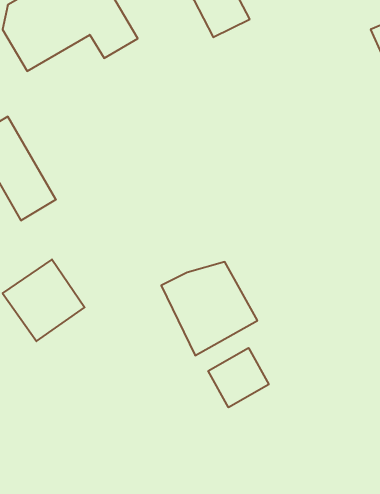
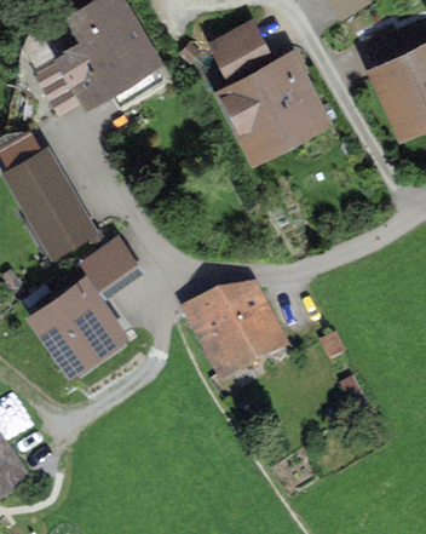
building: none -> [230,62,316,145]
building: none -> [85,237,138,291]
building: [208,348,269,407] -> none

